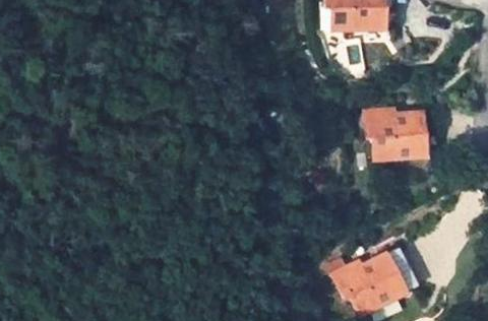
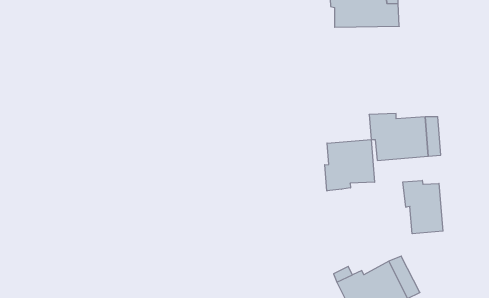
building: none -> [325,140,375,191]
building: none -> [403,180,443,234]

